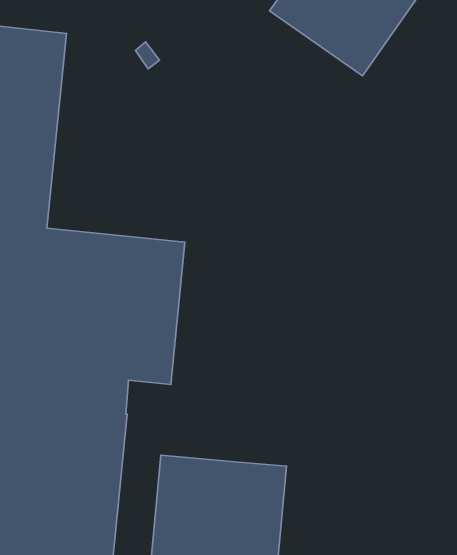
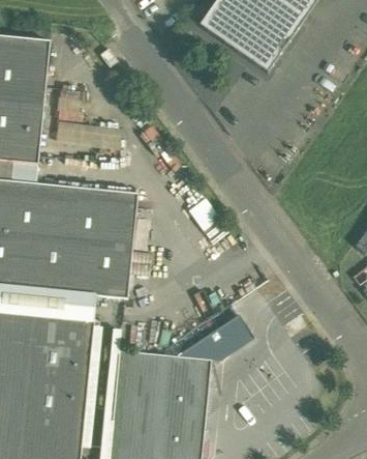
building: none -> [176,313,254,360]

